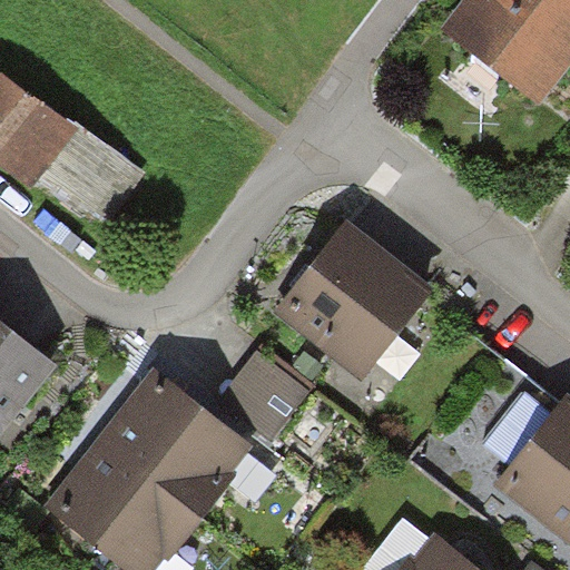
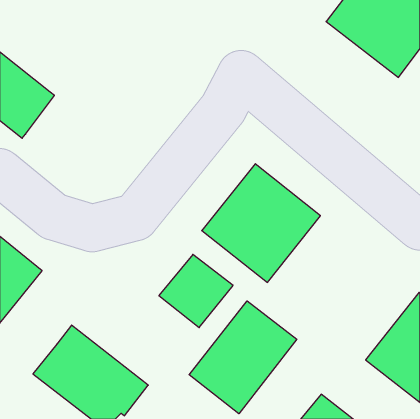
building: [35,119,146,223] -> none
building: [97,368,252,521] -> none
building: none -> [189,301,297,414]

